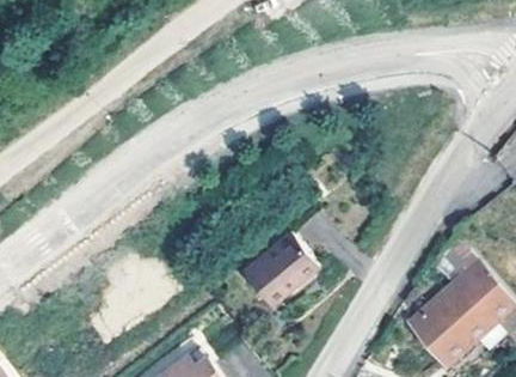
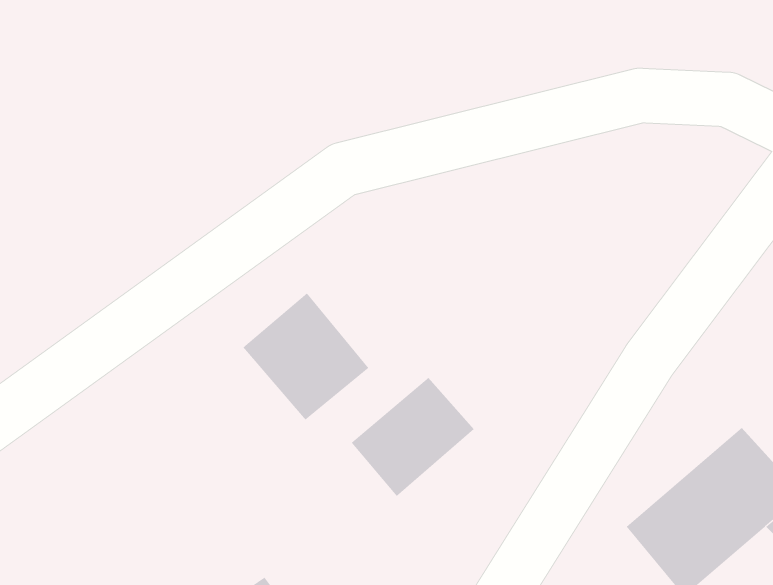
building: none -> [243,293,369,421]

